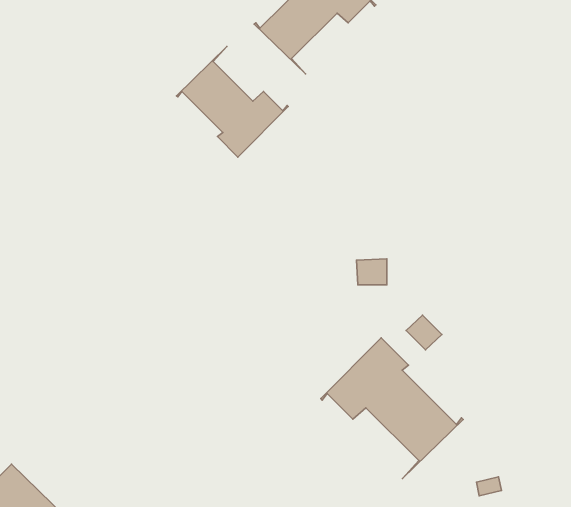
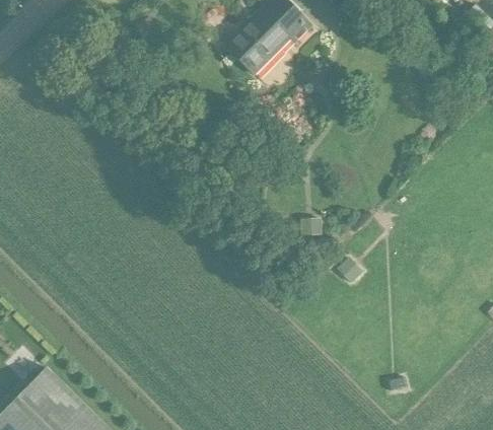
building: [176,47,288,157] -> none
building: [321,338,463,479] -> none

